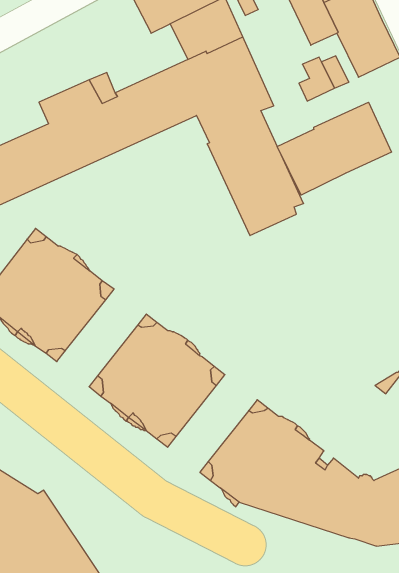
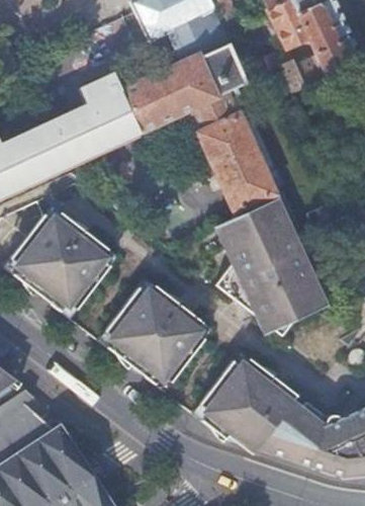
building: [277,102,391,195] -> none
building: none -> [217,193,327,335]

